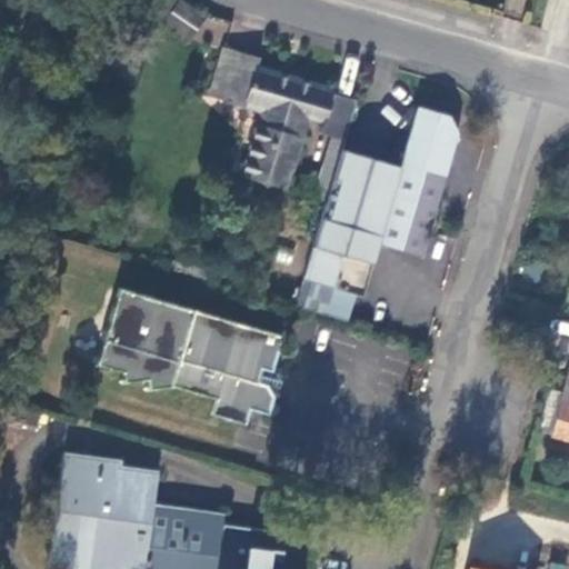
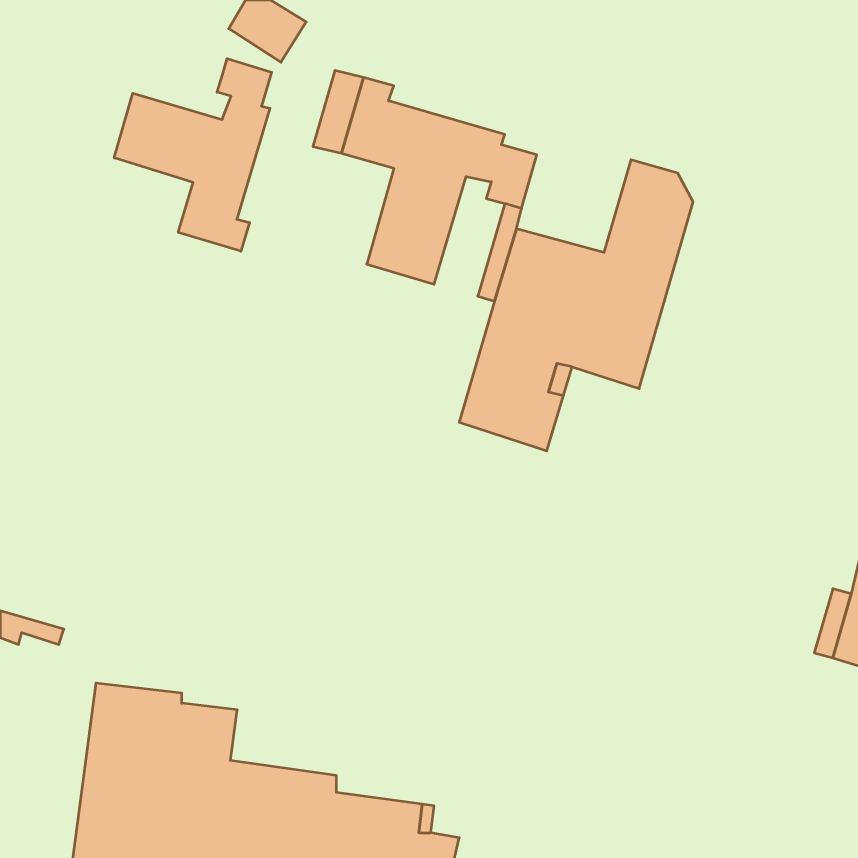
building: none -> [114,59,272,251]
building: [297,280,356,321] -> none
building: [98,284,286,423] -> none

